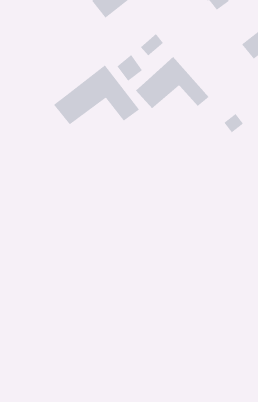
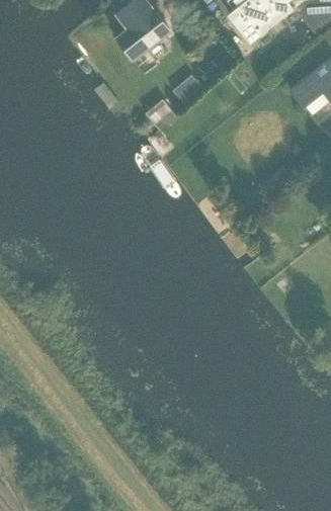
building: [135,56,210,109] -> none
building: [53,64,140,125] -> none

